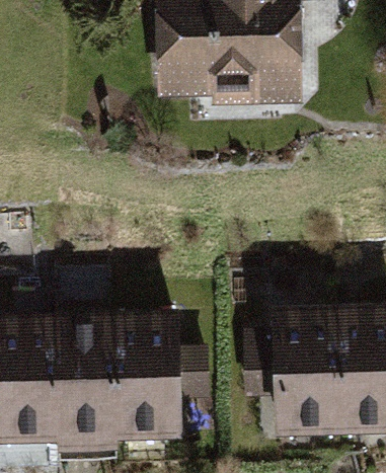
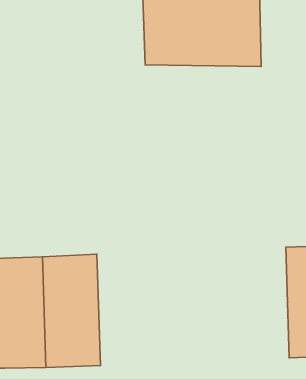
building: [274,304,334,433] -> none
building: [112,311,171,441] -> none

